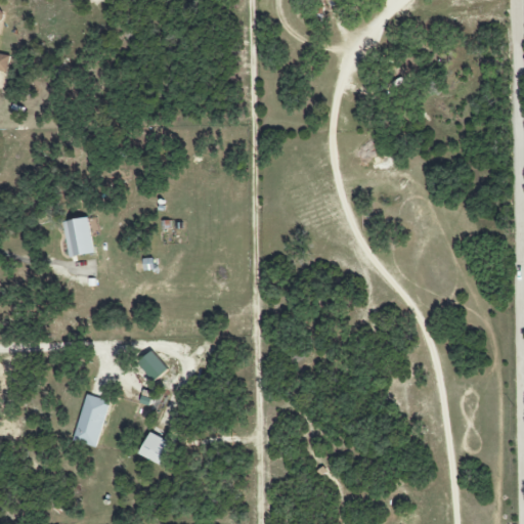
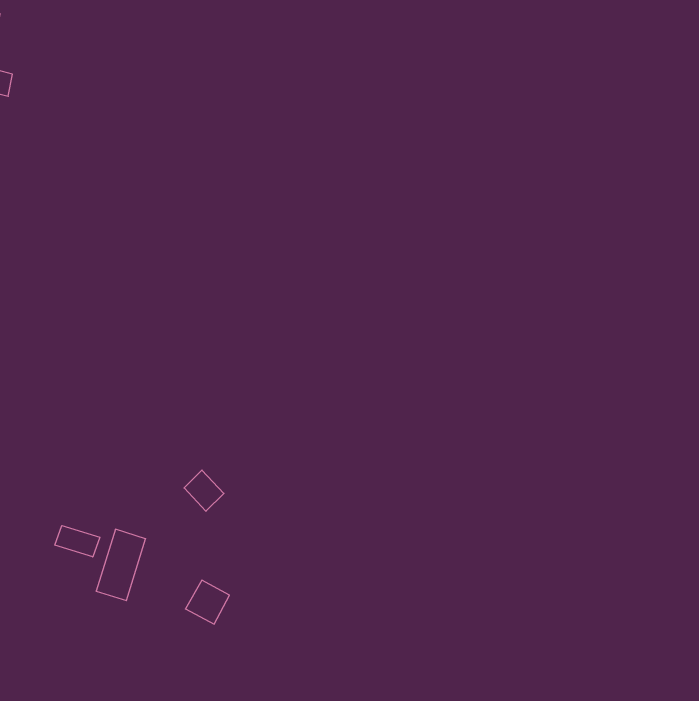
building: [61,217,93,257] -> none
building: none -> [55,526,100,557]

